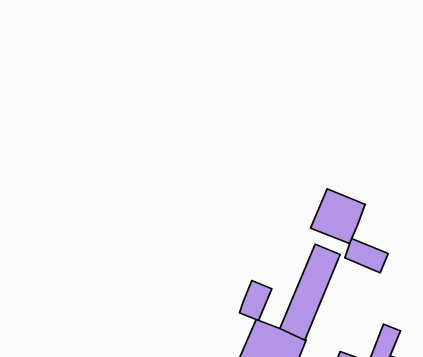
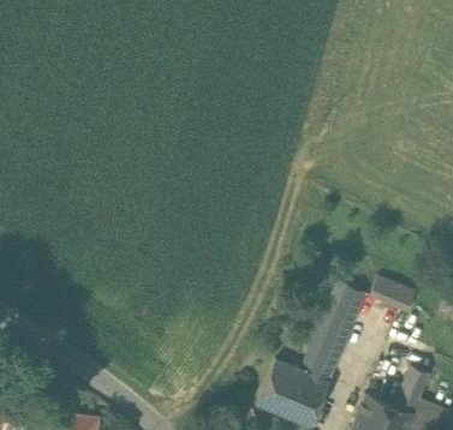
building: [311,189,365,243] -> none
building: [239,281,272,320] -> none

